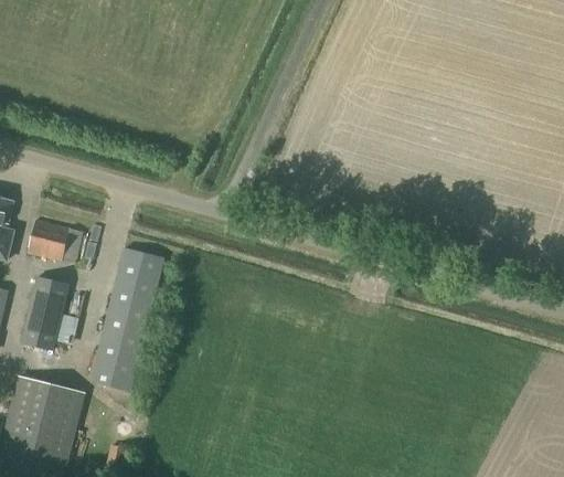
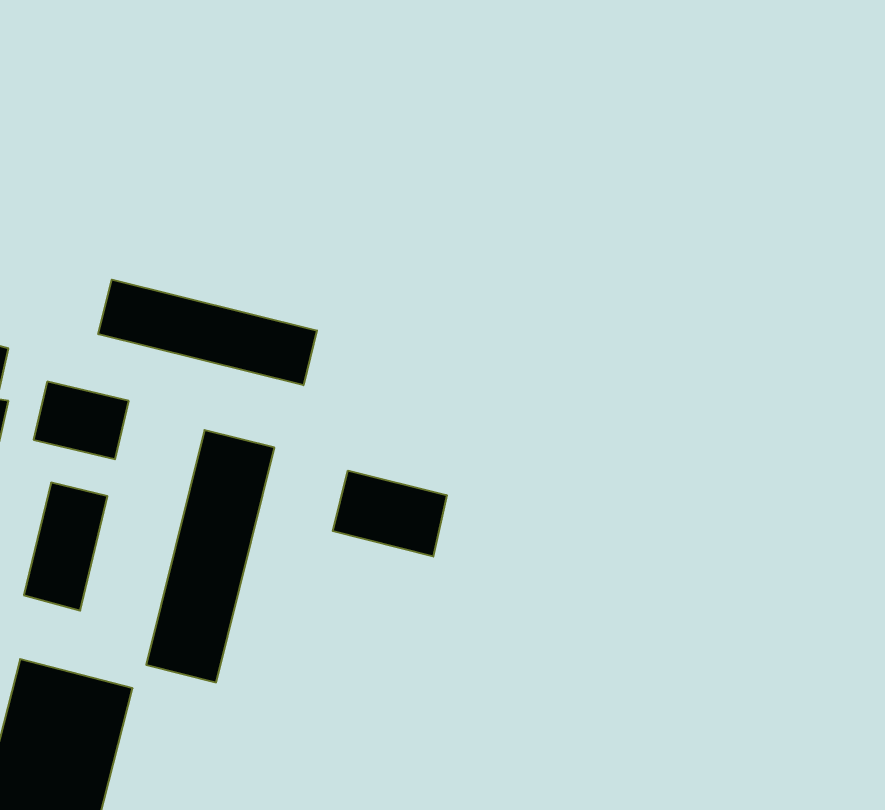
building: none -> [98,280,317,385]
building: none -> [333,471,447,557]

